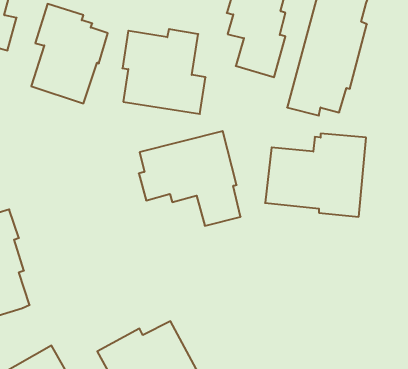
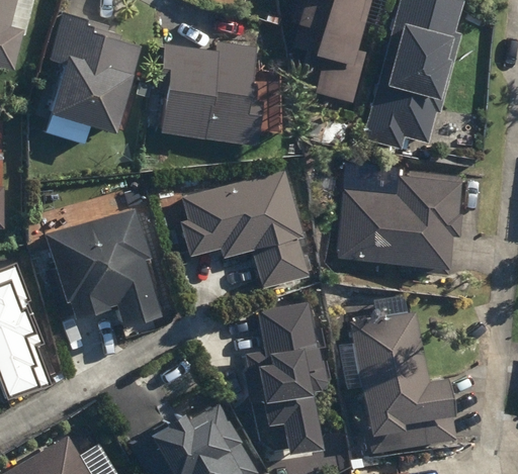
building: none -> [44,207,157,323]
building: none -> [243,302,325,453]
building: none -> [350,312,456,452]

